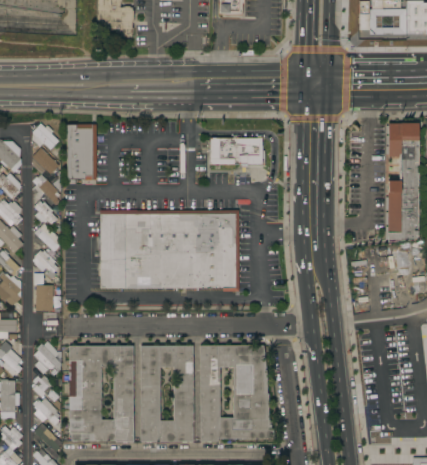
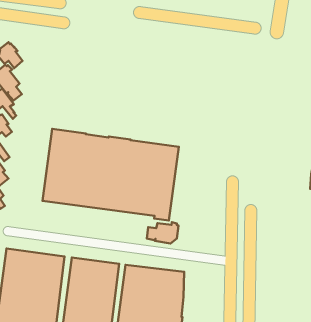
building: [67,125,97,182] -> none
building: [210,138,265,164] -> none
building: none -> [147,222,178,244]

